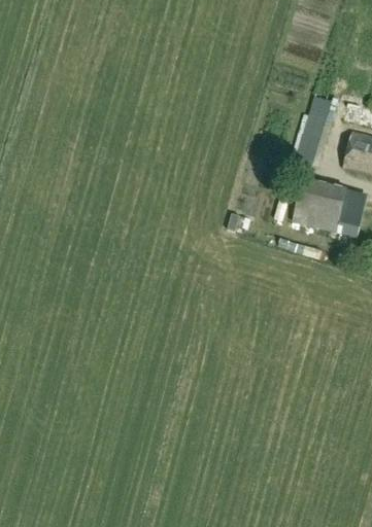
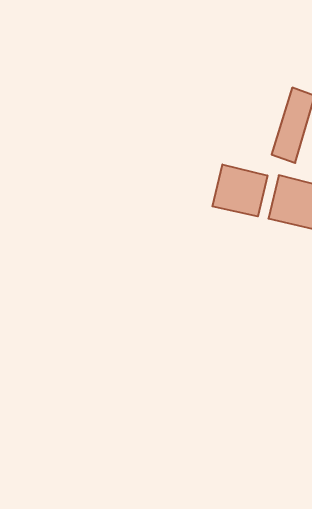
building: none -> [212,164,267,216]

